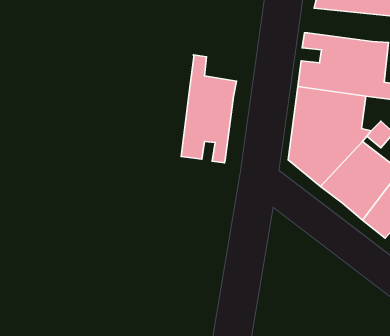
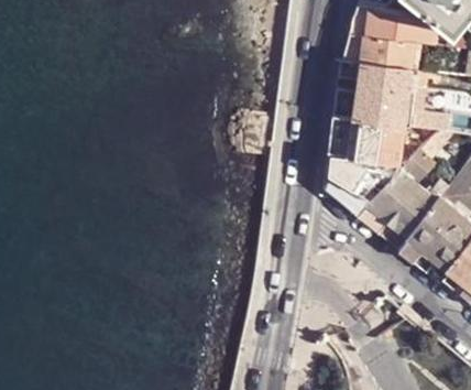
building: none -> [346,34,416,68]
building: [181,55,237,163] -> none

